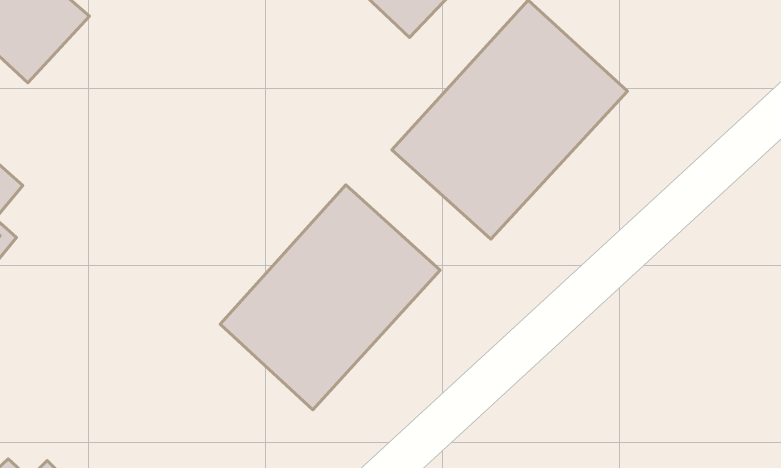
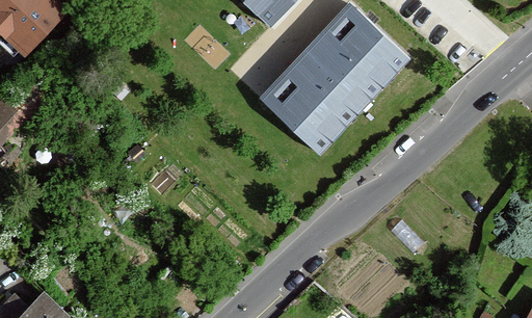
building: [220,185,440,410] -> none

